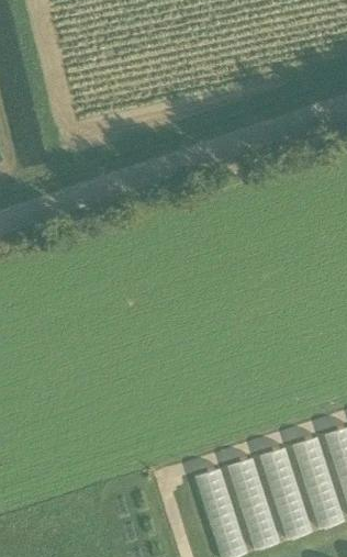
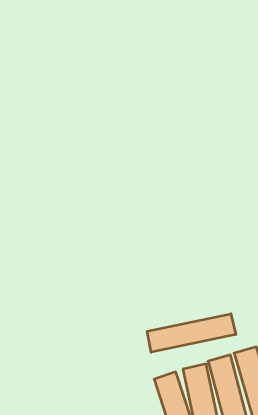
building: none -> [147,314,236,352]

